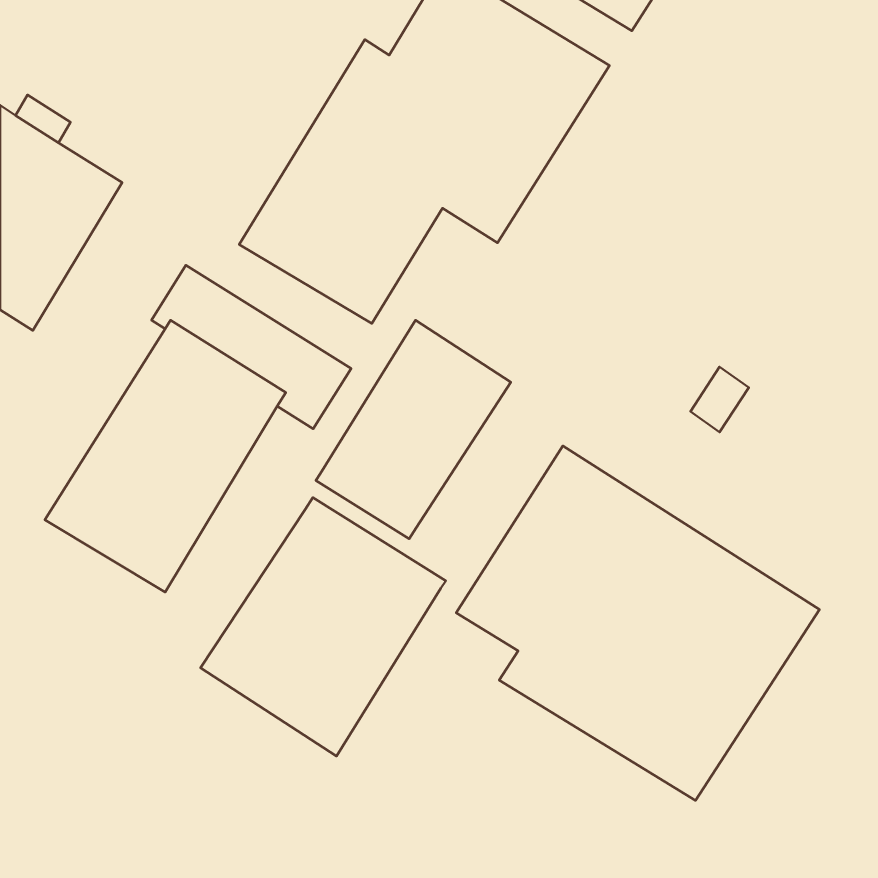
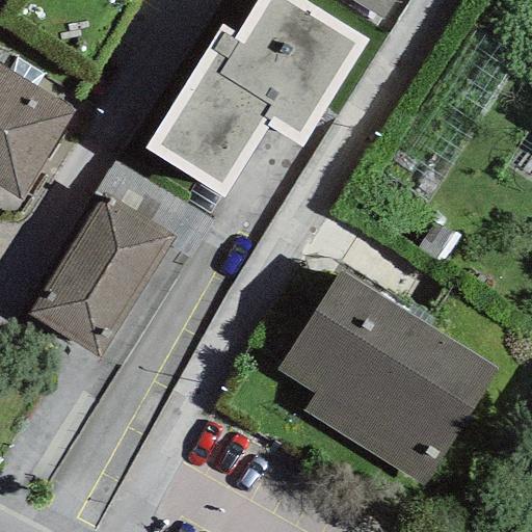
building: [316,320,511,539] -> none
building: [200,497,446,756] -> none

